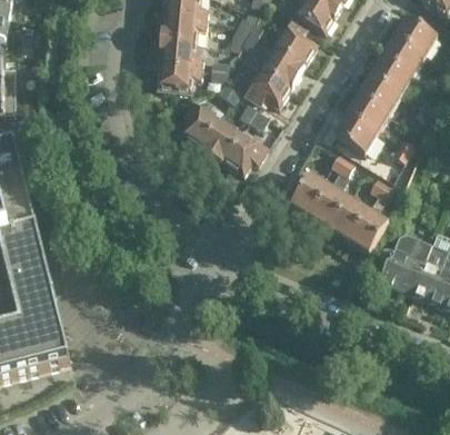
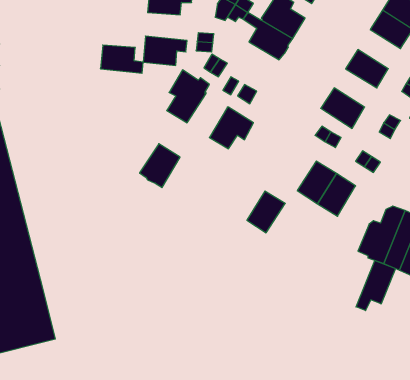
building: [159,40,201,68] -> [100,45,143,73]
building: [369,57,411,96] -> none
building: [244,69,291,107] -> none
building: [346,96,388,134] -> none
building: [200,120,240,164] -> [140,144,180,188]
building: [290,175,328,216] -> [247,191,285,233]
building: [349,211,387,254] -> none
building: none -> [356,261,396,311]

